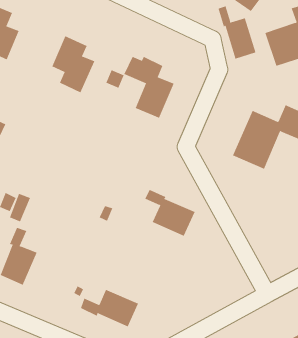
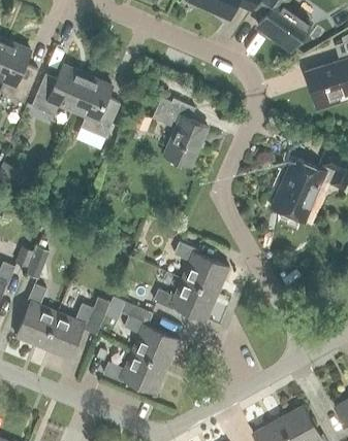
building: [218,5,256,60] -> none
building: none -> [31,65,87,115]
building: none -> [153,279,217,320]
building: none -> [41,298,109,360]
building: none -> [120,302,179,368]

